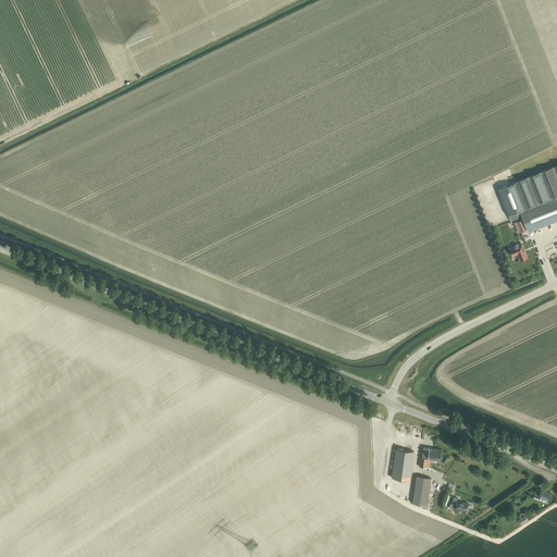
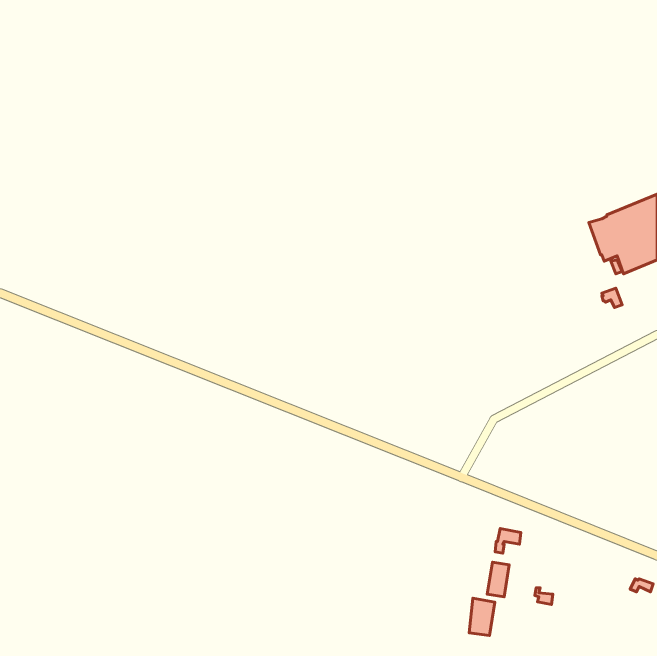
building: [392,449,413,481] -> [469,598,495,636]

